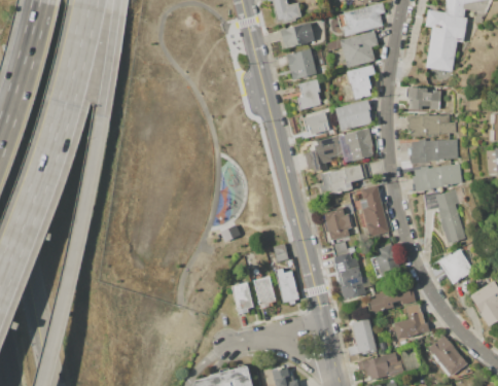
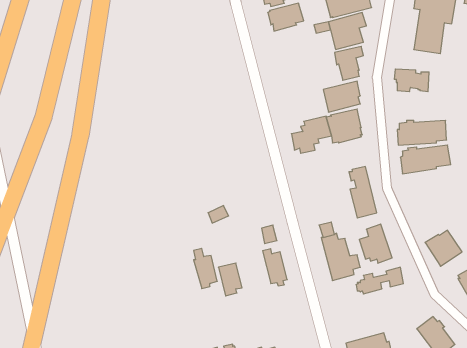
building: [286,48,318,80] -> none
building: [298,79,322,110] -> none
building: [304,112,330,135] -> none
building: [406,114,457,137] -> none
building: [321,165,364,194] -> none
building: [424,189,466,243] -> none
building: [323,207,354,240] -> none
building: [253,269,277,309] -> [194,248,217,289]
building: [393,304,430,340] -> none
building: [352,318,378,355] -> none

